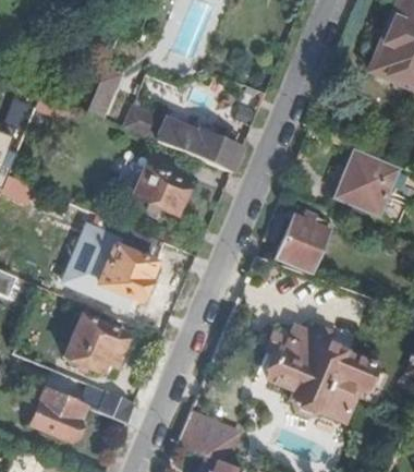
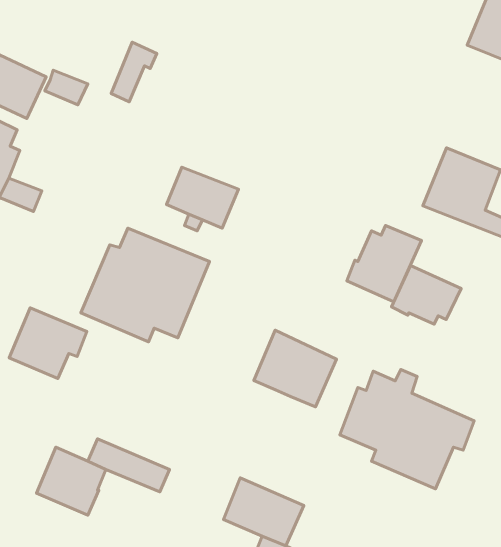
building: [124,105,241,172] -> none
building: none -> [391,266,461,324]
building: none -> [254,330,337,407]
building: [64,317,125,373] -> [9,308,87,379]

